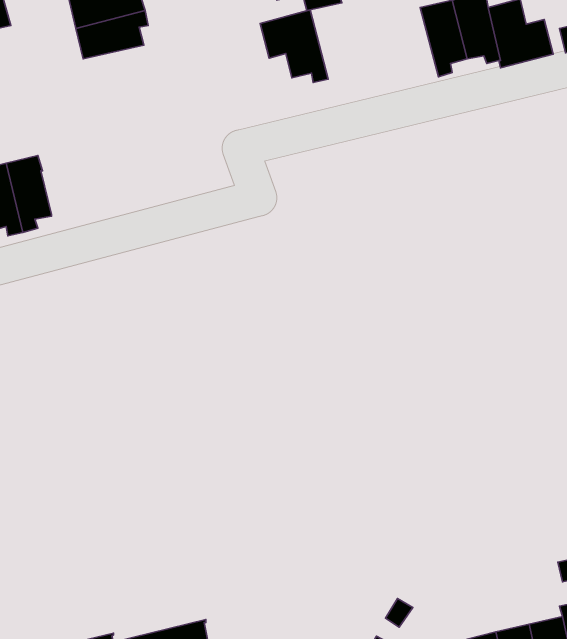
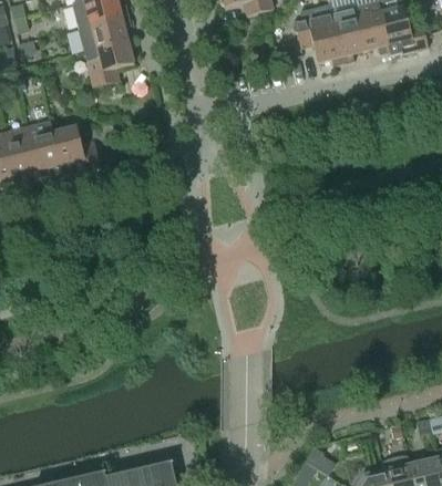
building: [260,10,328,82] -> [292,11,342,64]
building: none -> [82,39,132,86]
building: none -> [51,124,99,175]

